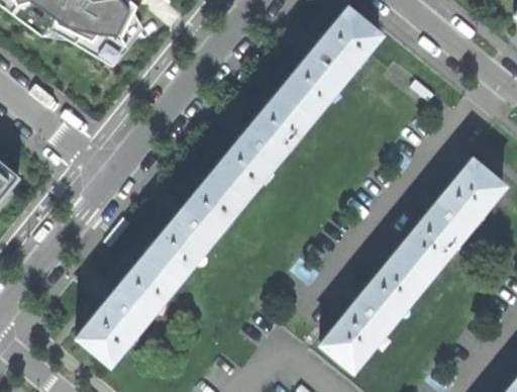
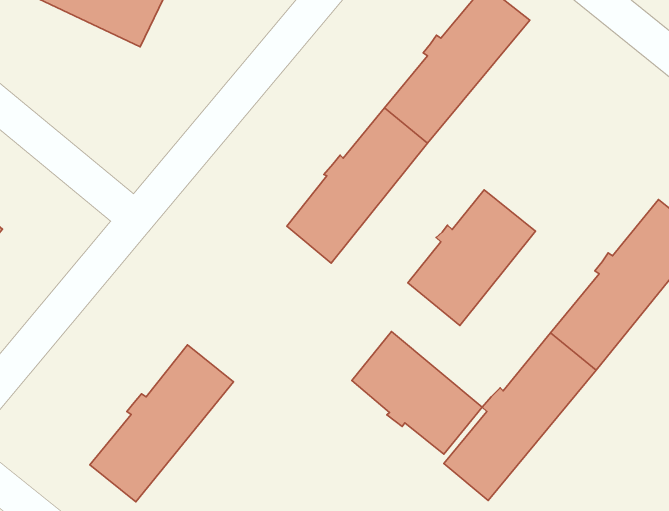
building: none -> [408,190,536,326]
building: [148,176,246,282] -> none
building: none -> [352,332,482,454]

